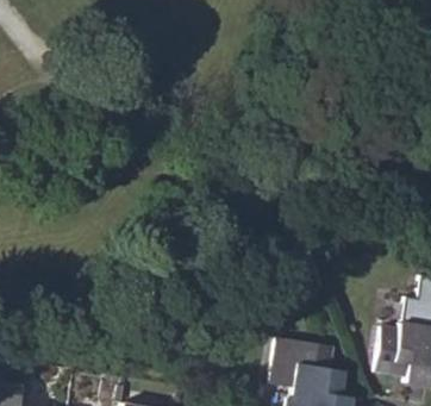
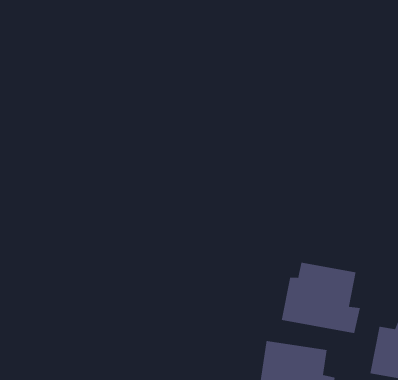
building: none -> [281,262,361,334]

